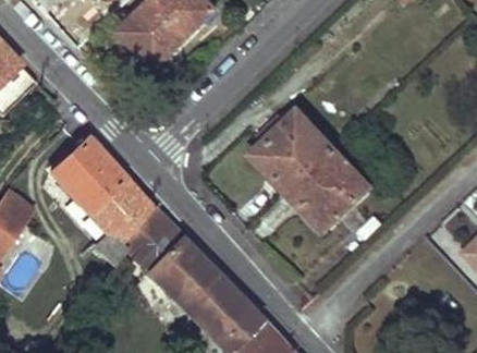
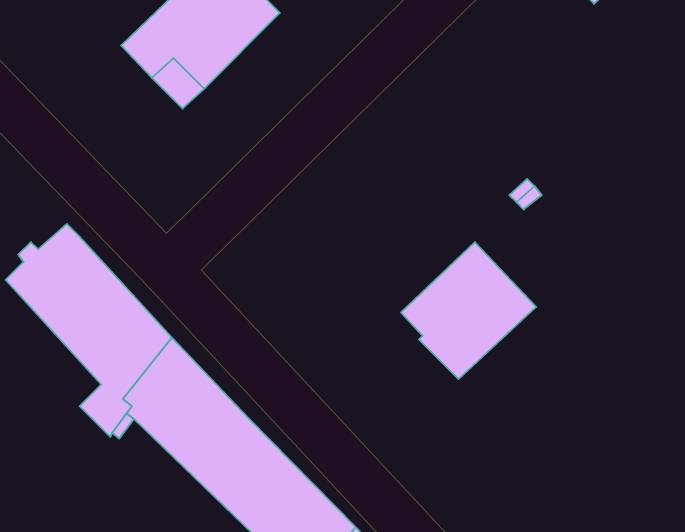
building: [252,109,334,190] -> none

